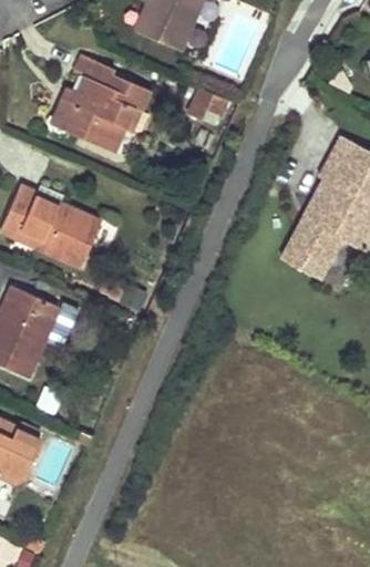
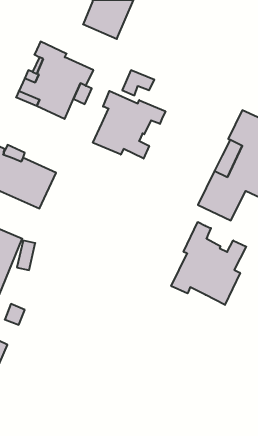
building: none -> [93,91,165,159]
building: none -> [171,222,246,305]

